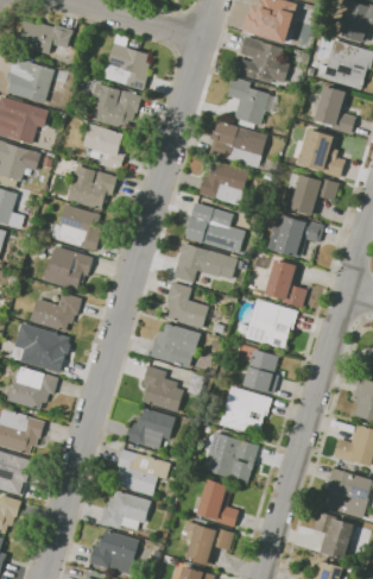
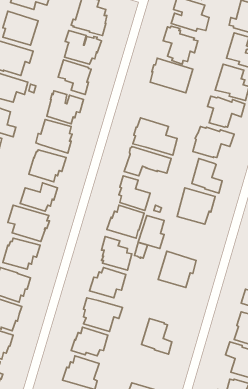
building: [200,158,251,206] -> none
building: [244,348,279,394] -> [138,215,164,248]
building: [203,432,259,483] -> none
building: [186,523,235,566] -> none

